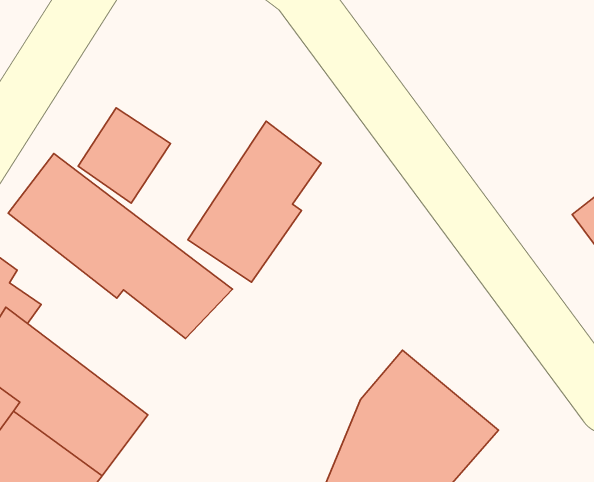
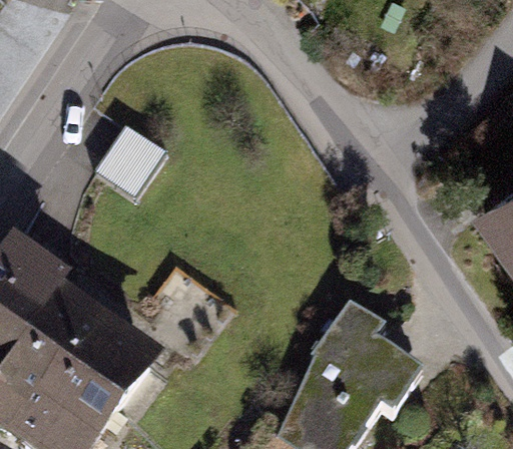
building: [188,121,321,282] -> none
building: [8,153,232,339] -> none

